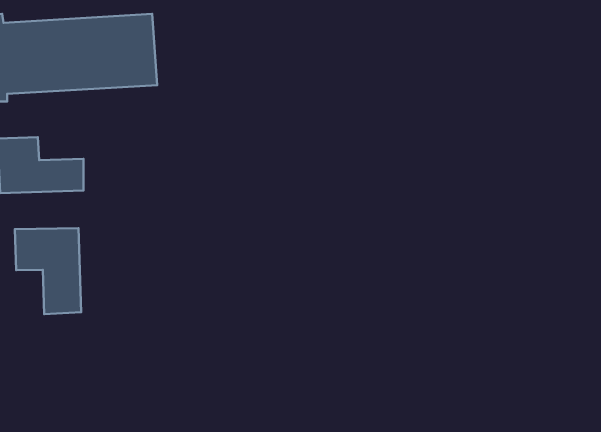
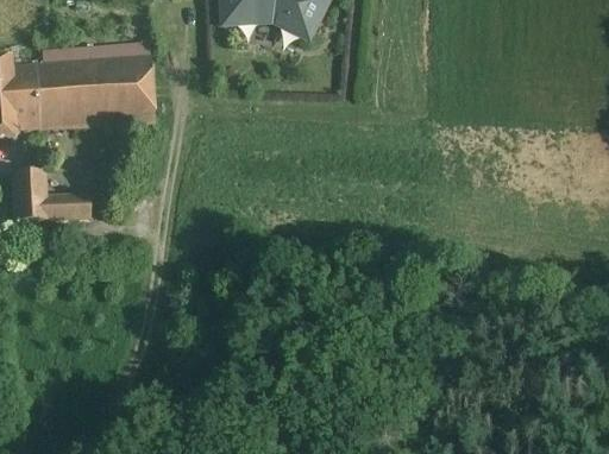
building: [15,228,81,314] -> none

